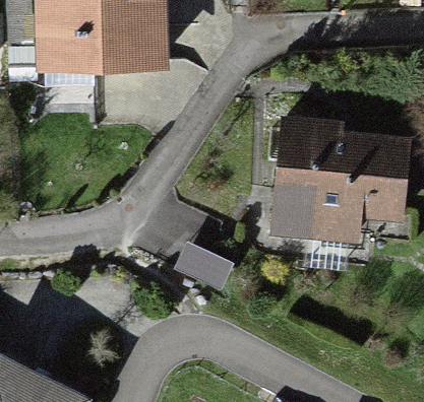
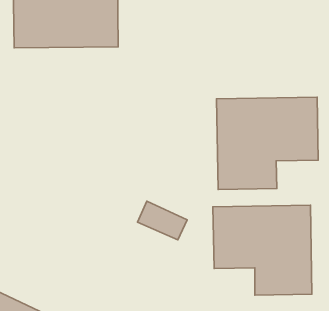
building: none -> [213,205,312,295]

